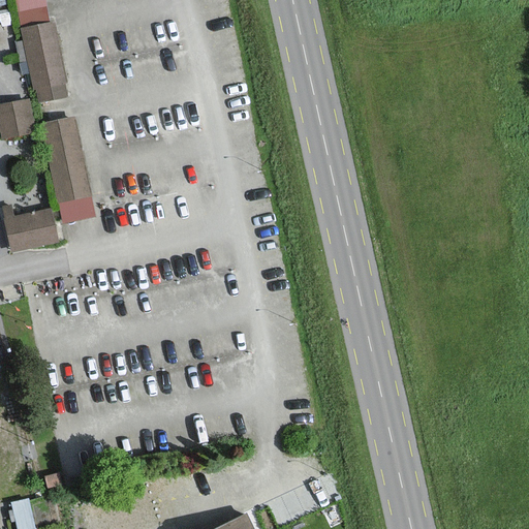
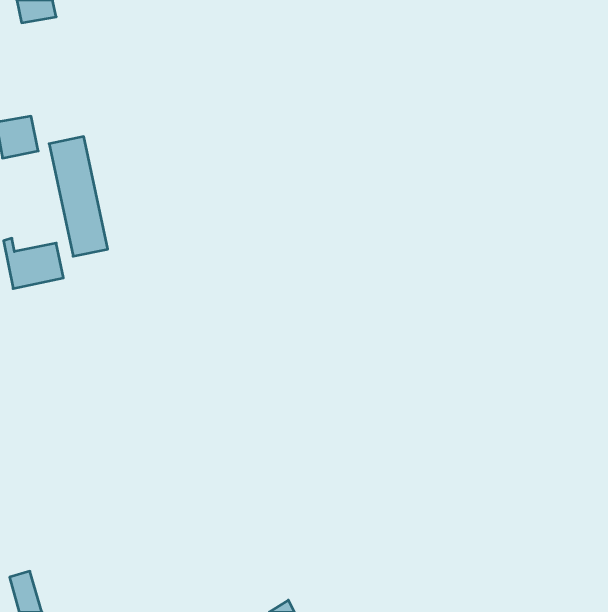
building: [23,23,66,100] -> none

